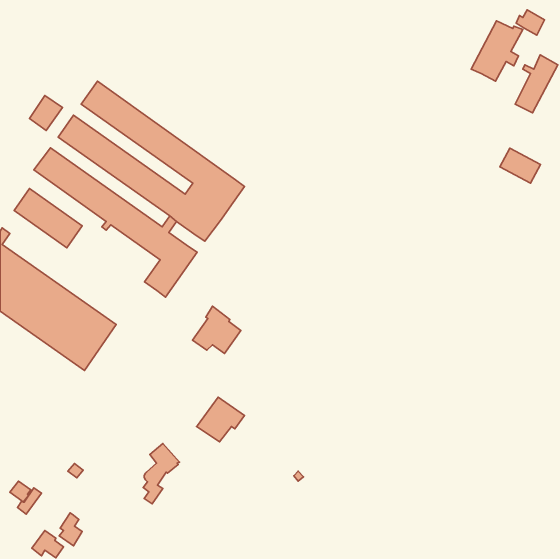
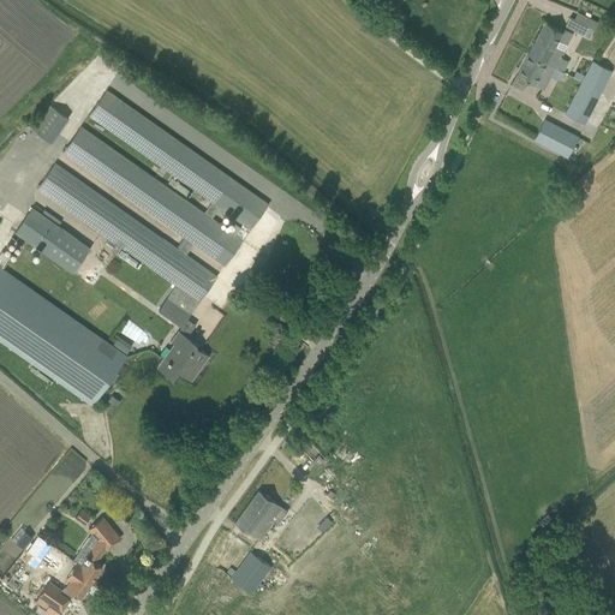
building: [500,148,540,183] -> [533,120,578,159]
building: [193,306,241,353] -> [156,330,209,382]
building: [196,397,245,442] -> [234,491,287,541]
building: [143,444,179,504] -> [80,518,120,584]
building: none -> [231,553,271,596]

